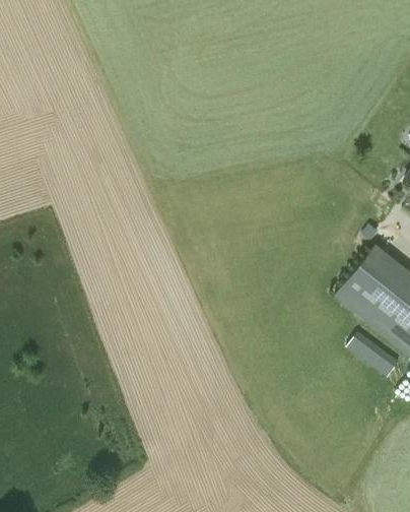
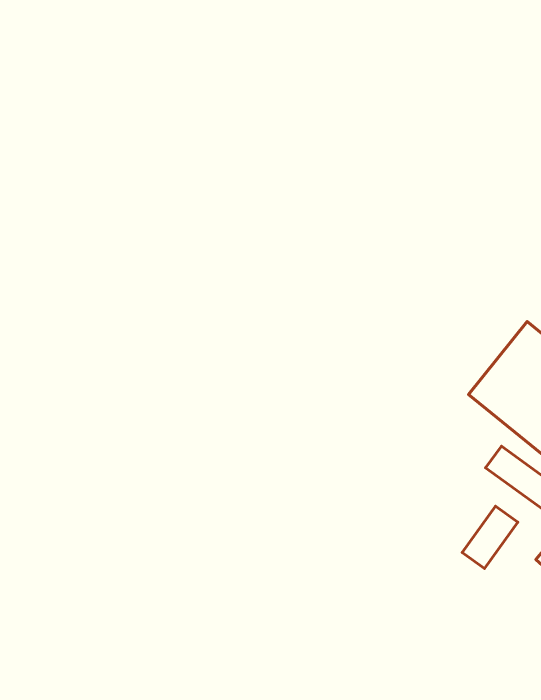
building: none -> [462,506,518,568]

